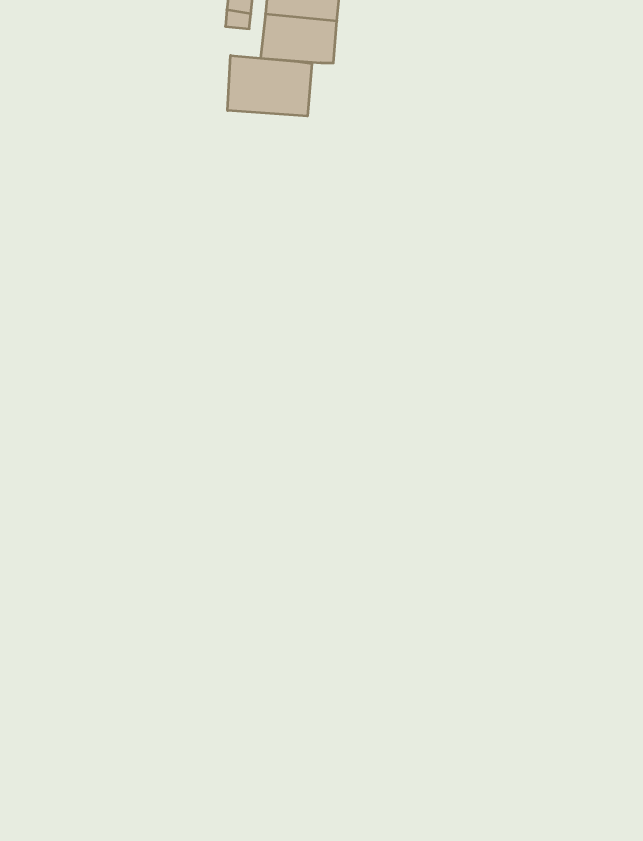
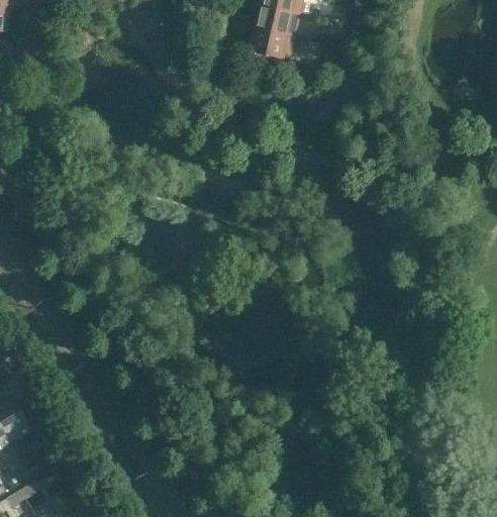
building: [228,55,312,116] -> none

